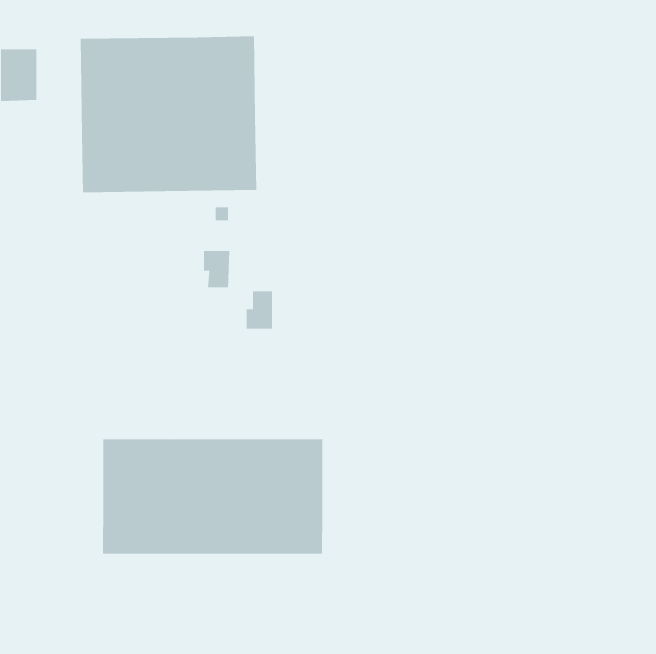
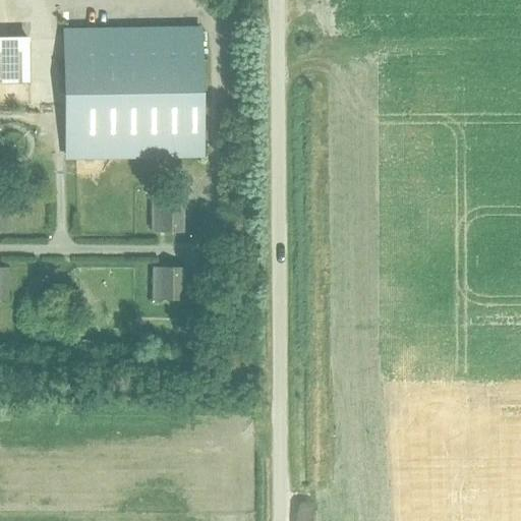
building: [246,291,273,329] -> [161,266,182,296]
building: [102,438,323,555] -> none

